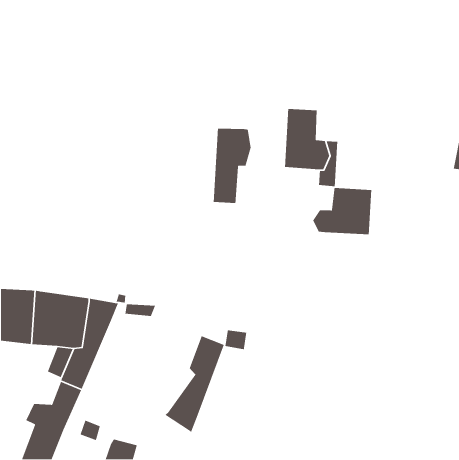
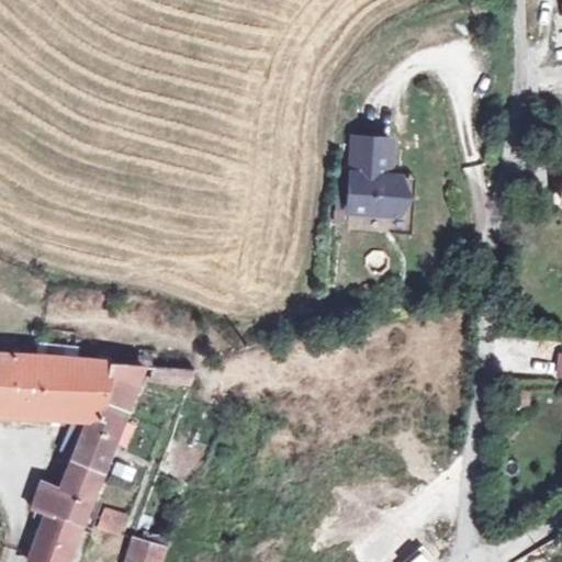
building: [213,128,251,204] -> none
building: [312,187,372,235] -> none
building: [165,335,225,433] -> none

